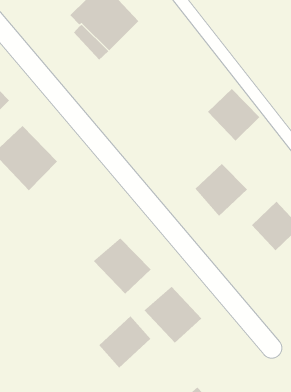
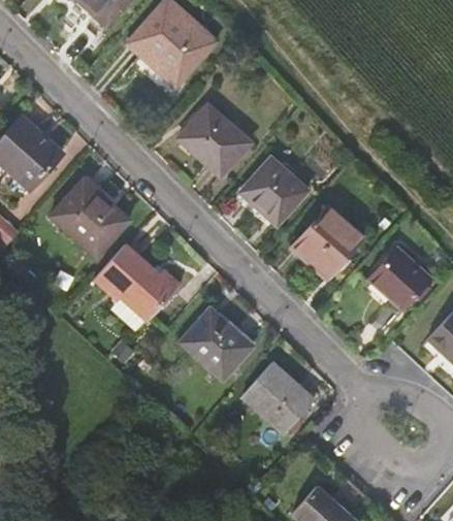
building: none -> [180,107,250,174]
building: [207,88,260,142] -> [240,161,305,226]
building: none -> [94,242,181,318]
building: [99,315,151,369] -> none

